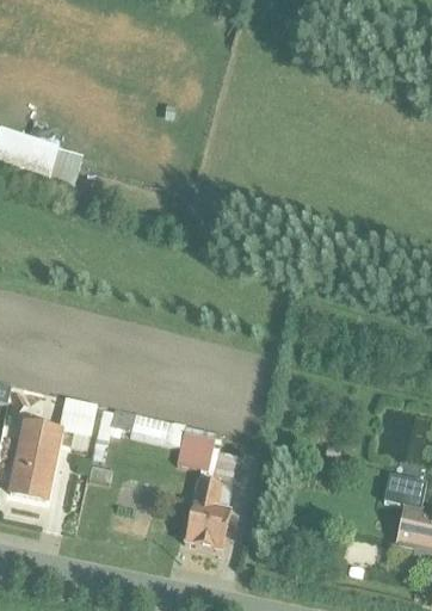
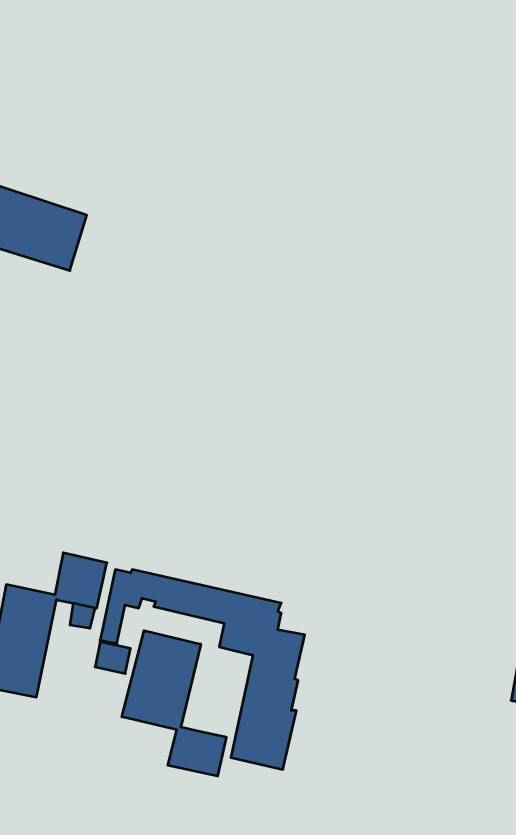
building: none -> [122,631,226,776]

